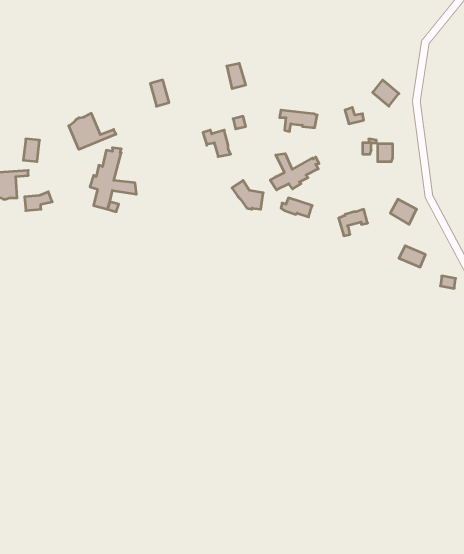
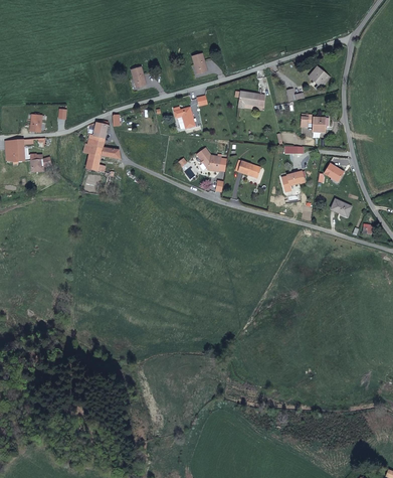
building: [69,113,116,149] -> none
building: [270,154,319,190] -> none

